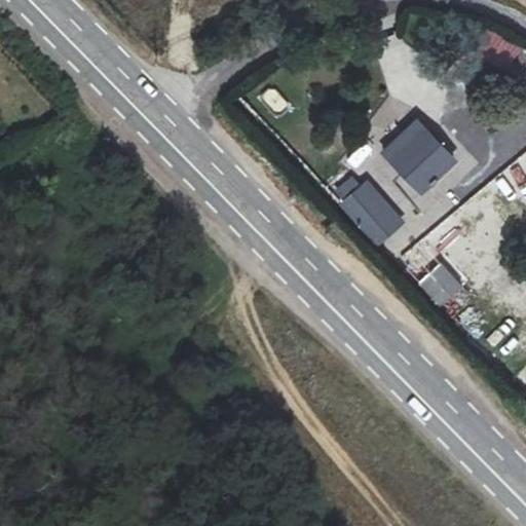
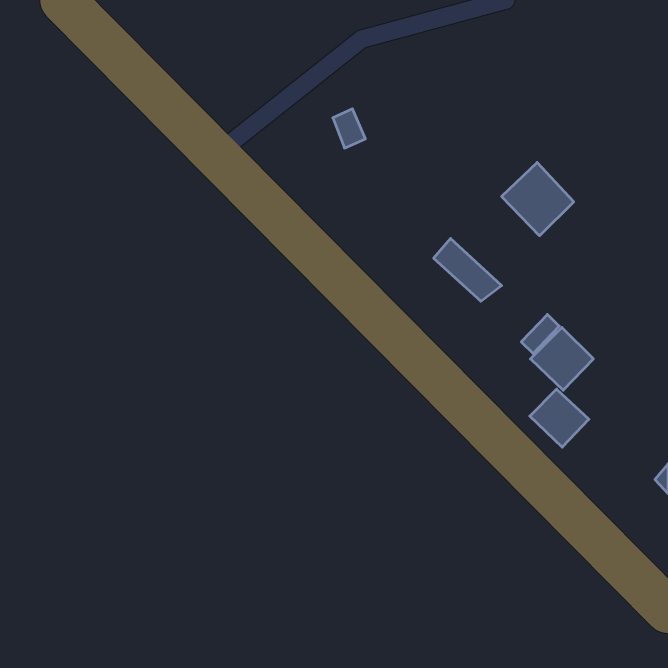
building: none -> [530,389,589,447]

